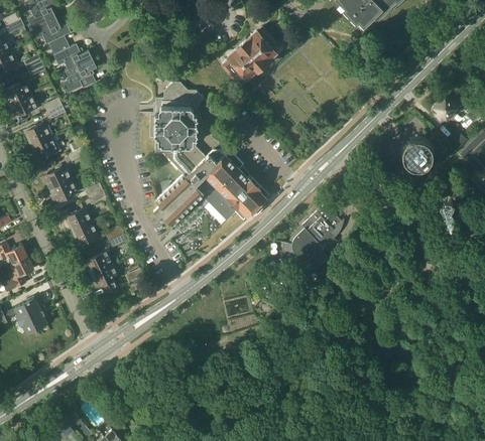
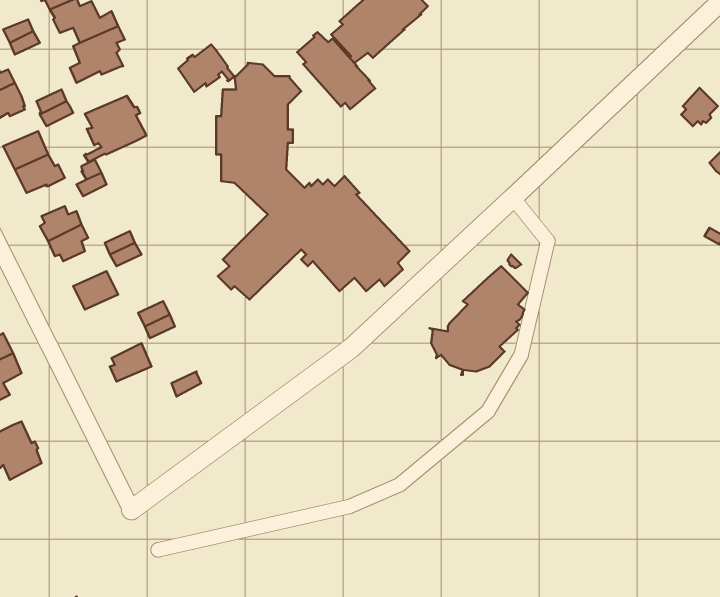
building: none -> [297,32,375,109]
building: none -> [178,44,235,92]
building: none -> [84,96,146,163]
building: [402,140,433,169] -> none
building: [73,222,100,246] -> none
building: [92,265,118,293] -> none

